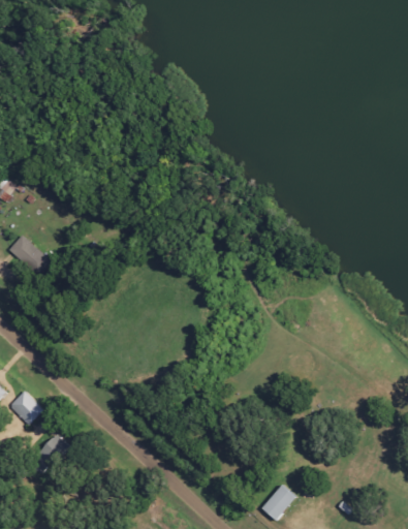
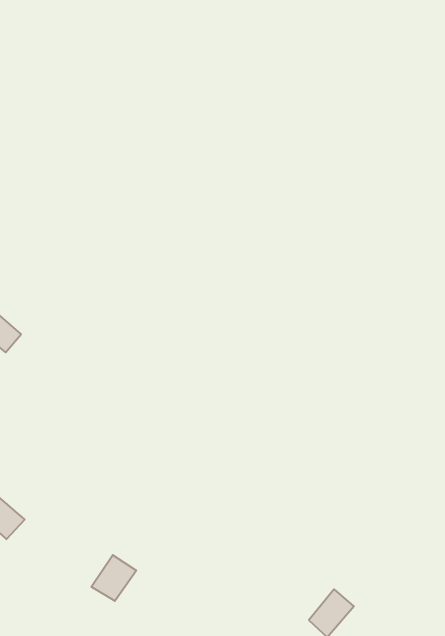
building: [35,434,71,470] -> [91,555,136,601]

